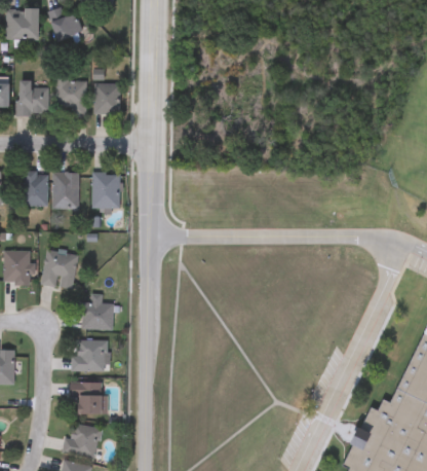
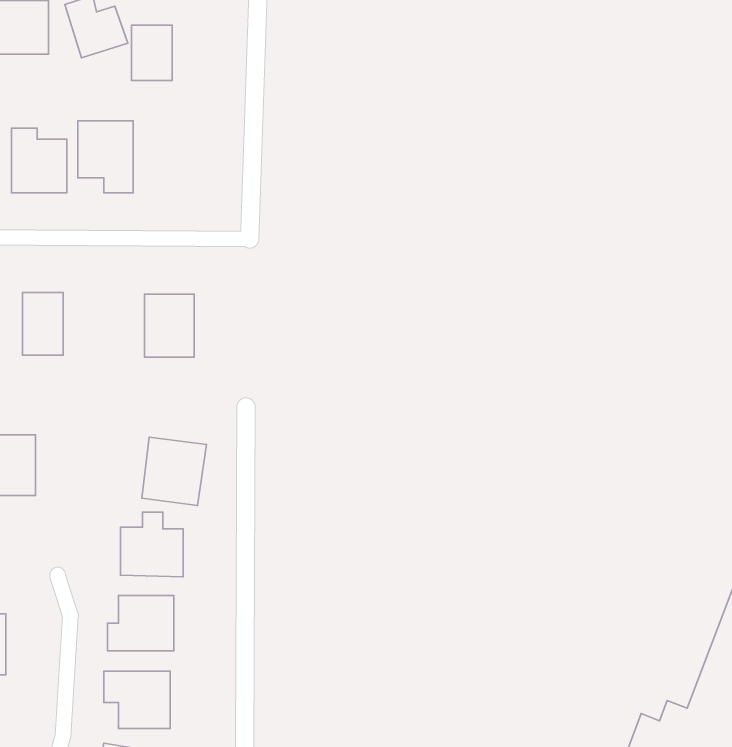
building: [98,83,120,114] -> [132,25,172,81]
building: [53,172,79,210] -> none
building: [42,251,78,289] -> [142,437,207,506]

